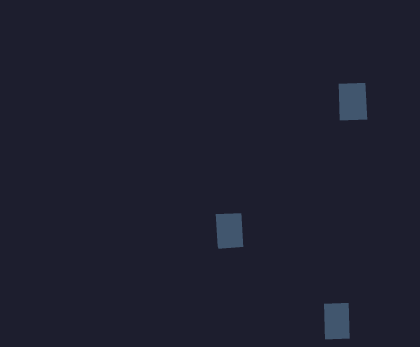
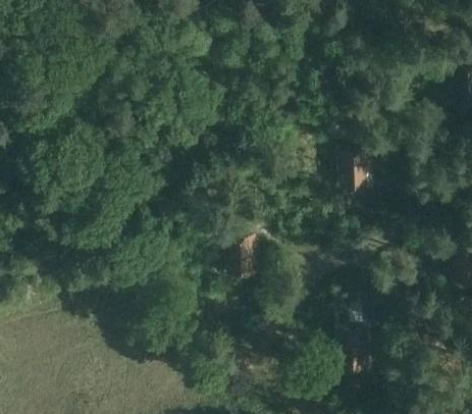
building: [338,82,368,121] -> [340,152,372,193]

